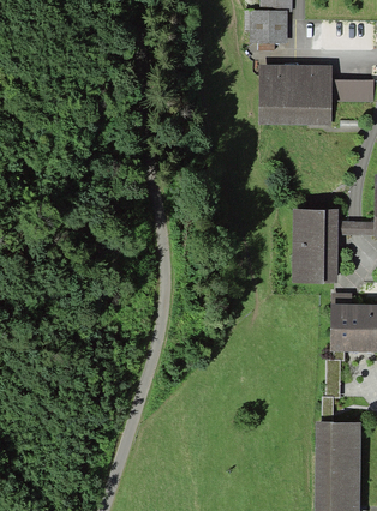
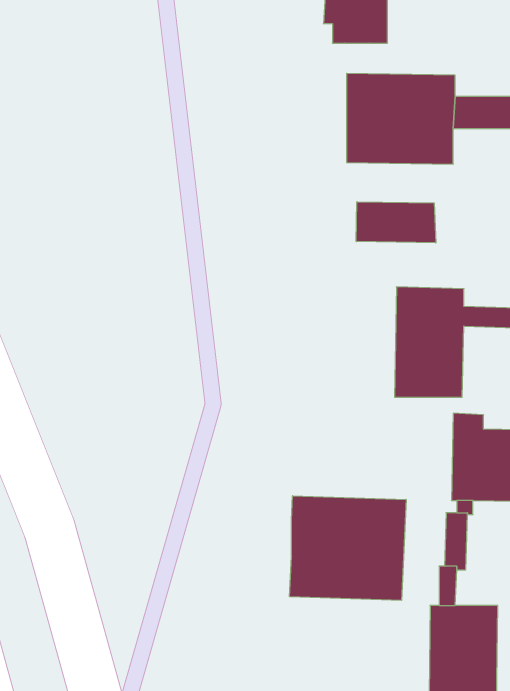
building: none -> [356,202,436,243]
building: none -> [290,496,406,600]

